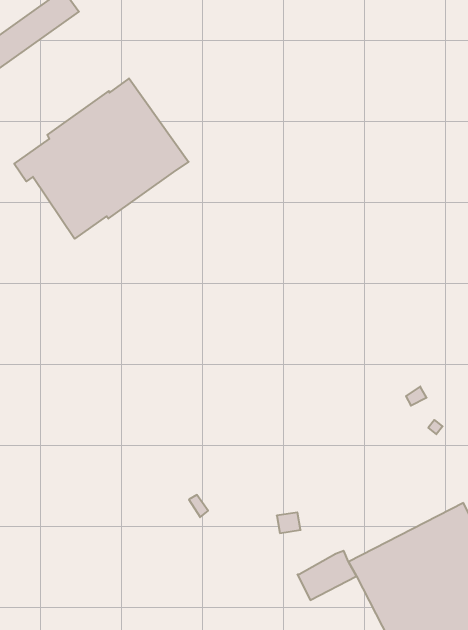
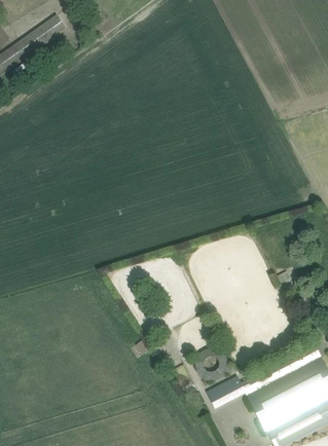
building: [14,78,189,239] -> none

